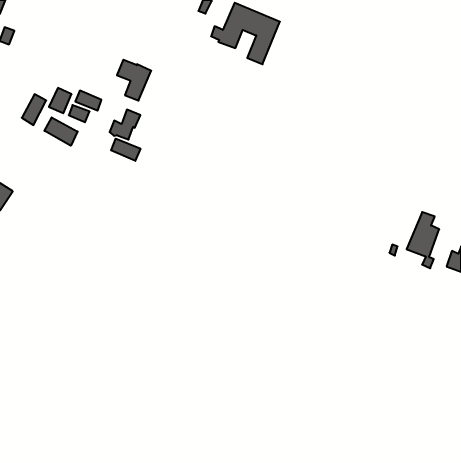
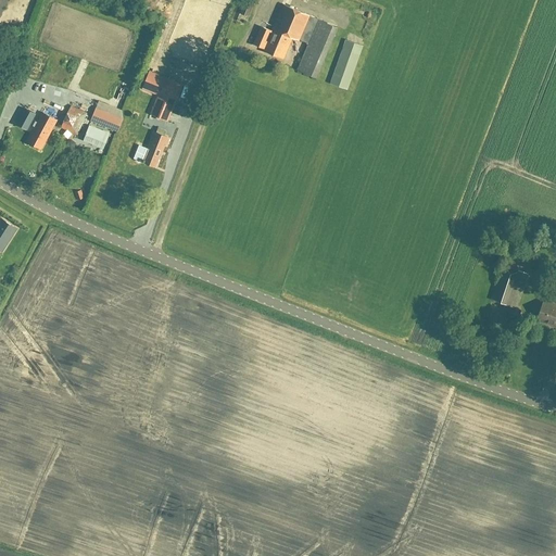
building: none -> [329,39,362,89]
building: [44,117,78,146] -> none
building: [111,139,140,161] -> none

